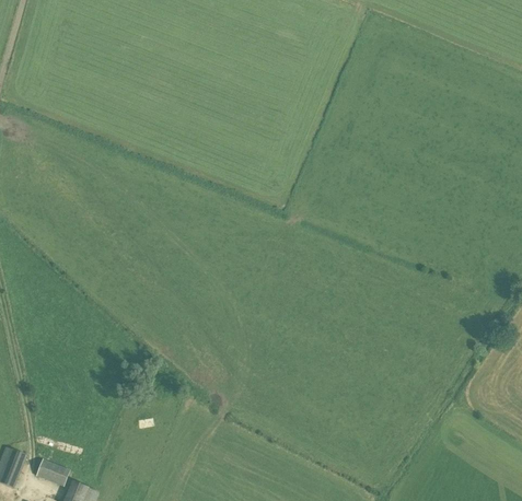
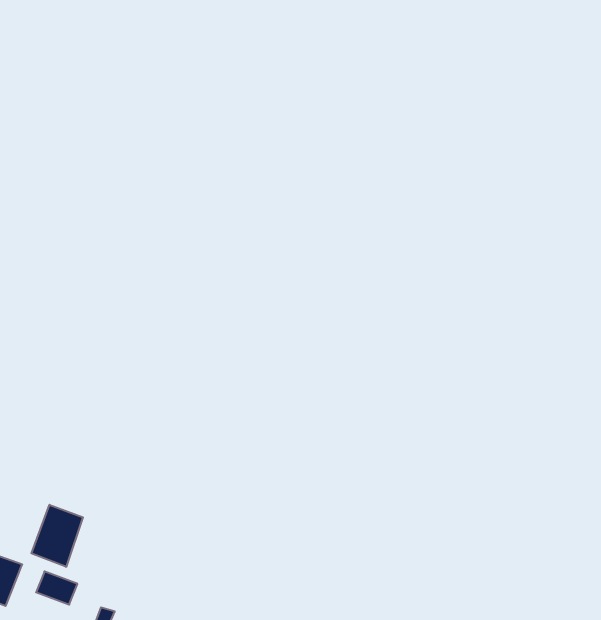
building: none -> [31,505,83,567]

